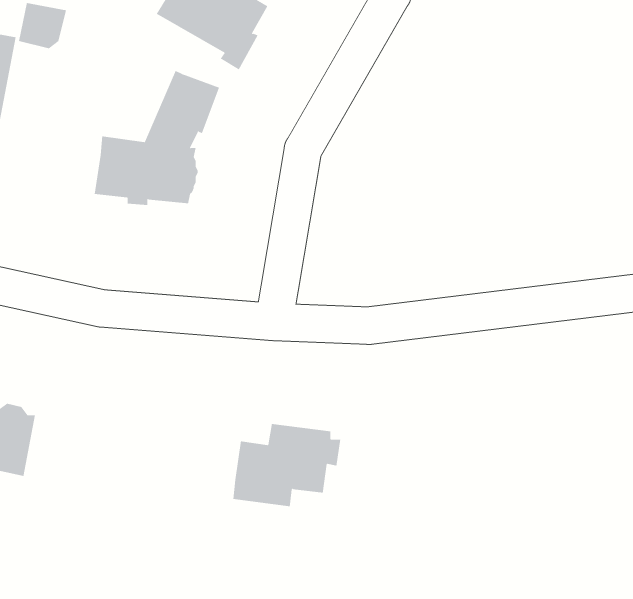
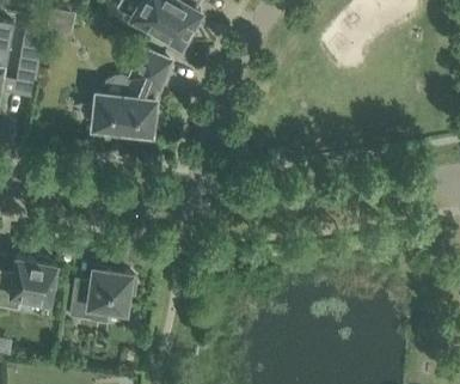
building: [233,424,341,507] -> [69,272,136,323]

